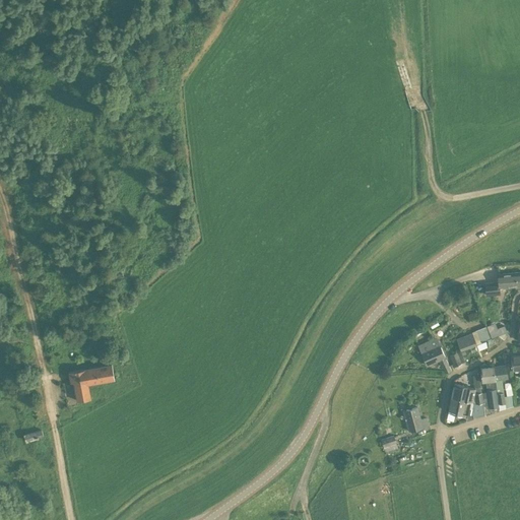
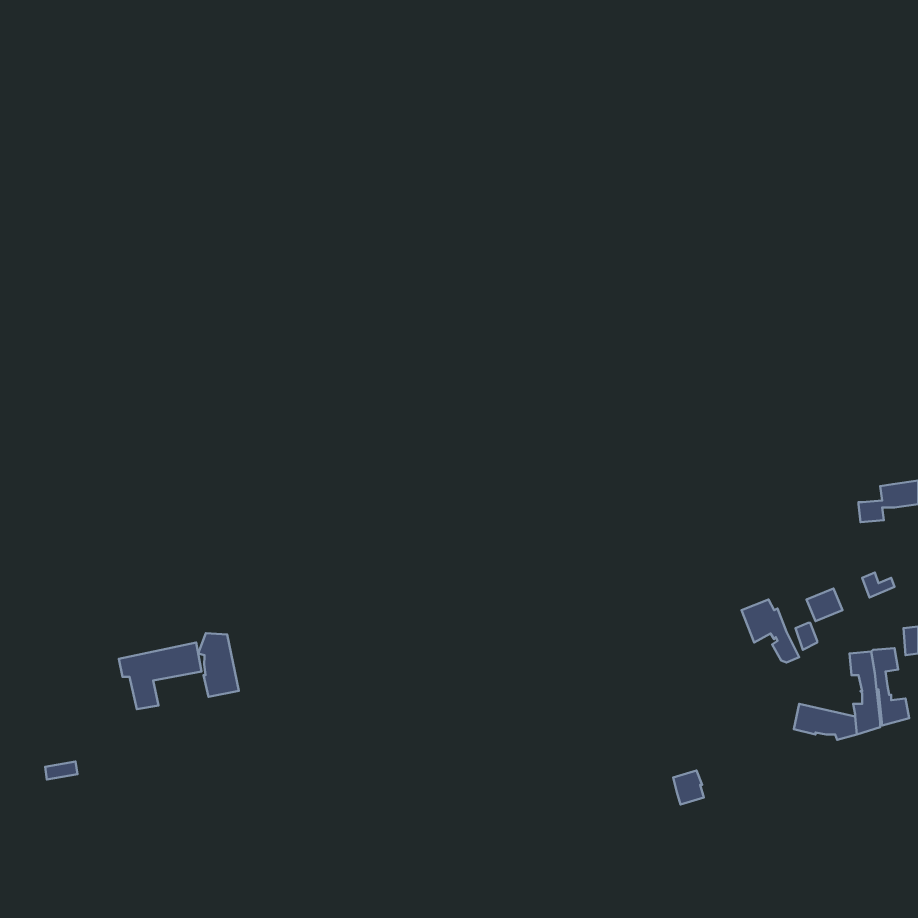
building: none -> [198,633,239,697]
building: [451,382,482,405] -> none
building: [402,407,428,433] -> none

